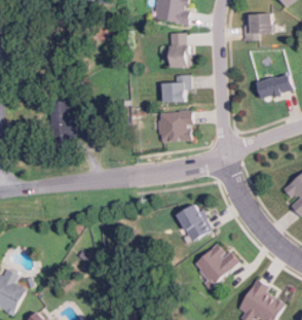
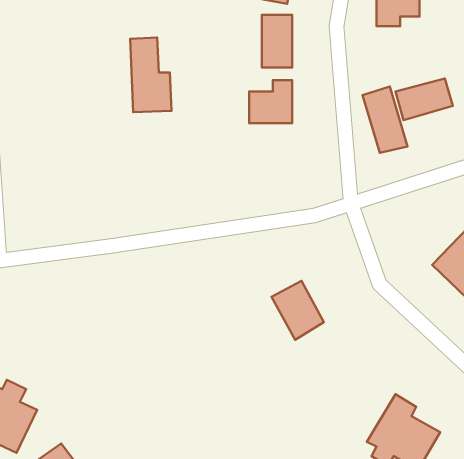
building: none -> [363,86,407,153]
building: [48,100,75,148] -> [130,37,171,112]
building: [158,110,192,140] -> none
building: [192,242,239,284] -> none

